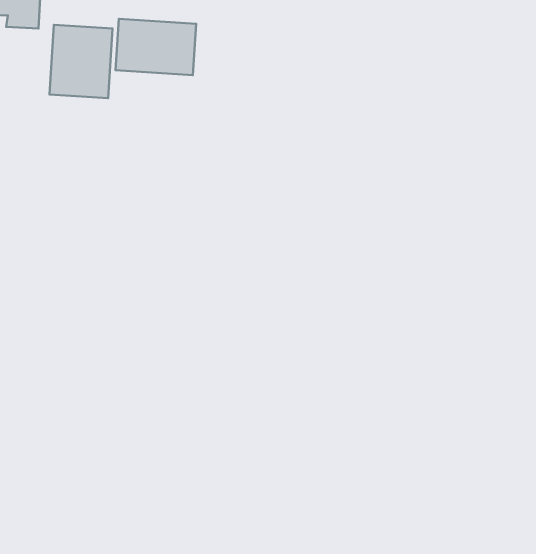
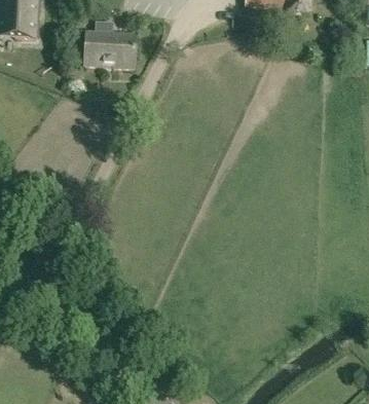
building: [49,25,113,98] -> none

